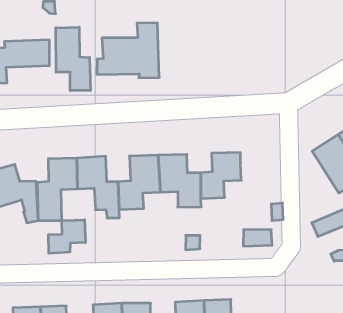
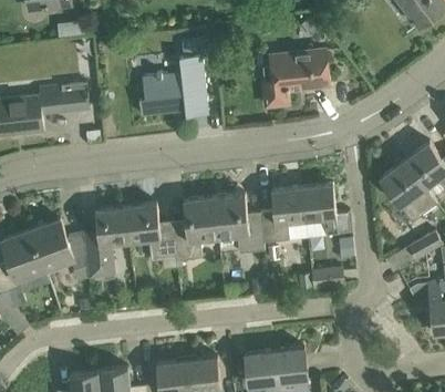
building: none -> [262,49,330,106]
building: [56,27,90,91] -> none
building: none -> [302,184,339,236]
building: [49,220,85,253] -> none

